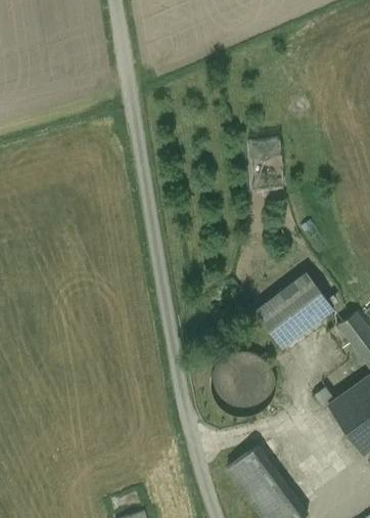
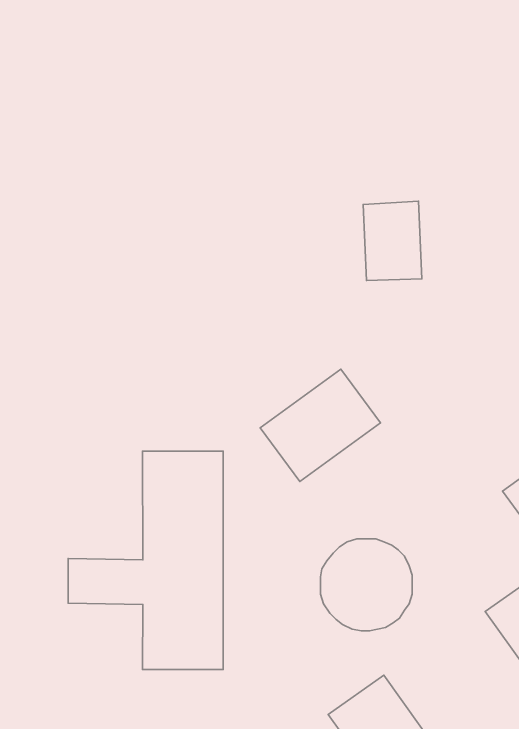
building: [253,274,331,347] -> [260,369,381,482]
building: none -> [68,451,223,670]

